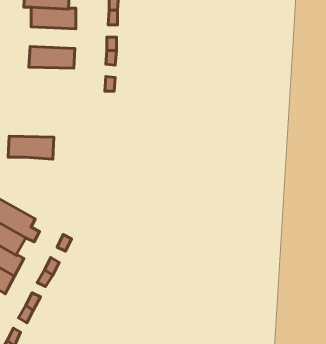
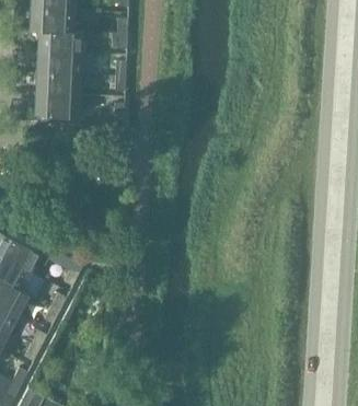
building: none -> [34,51,82,74]
building: [8,136,54,159] -> [32,94,80,118]

